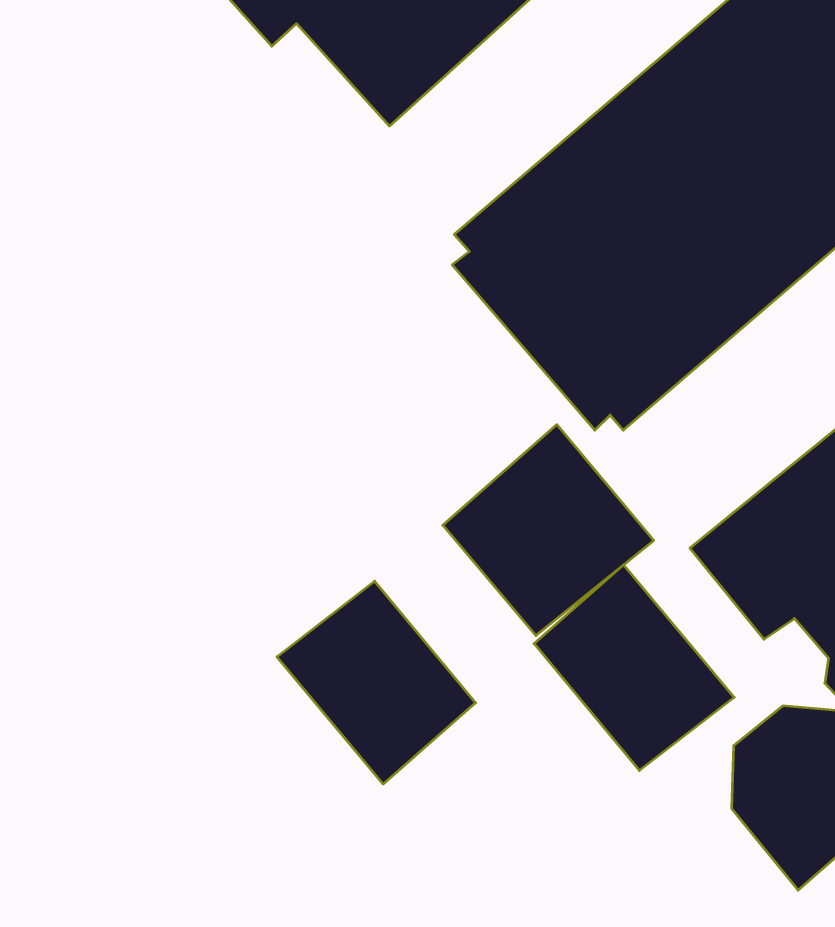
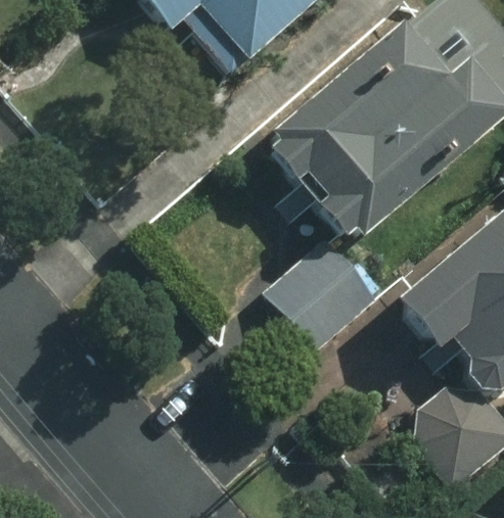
building: [534,565,734,771] -> none
building: [277,581,476,784] -> none

